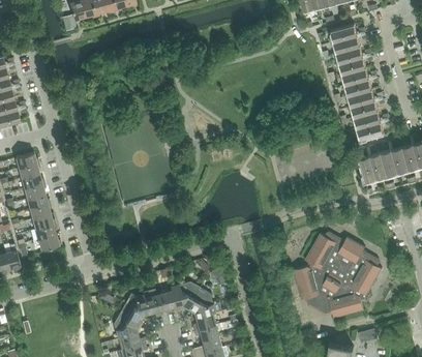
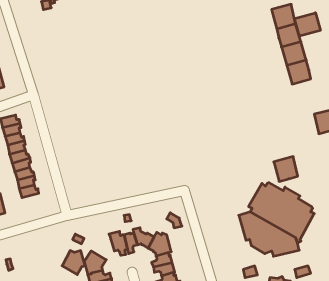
building: none -> [294,13,320,36]
building: [356,112,384,140] -> none
building: [359,153,387,182] -> [274,157,298,181]
building: [122,295,149,323] -> [62,251,85,275]

